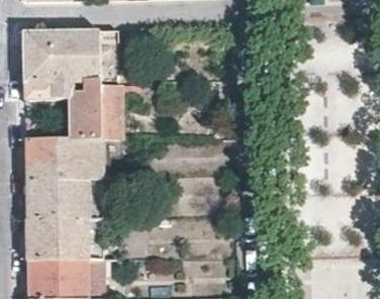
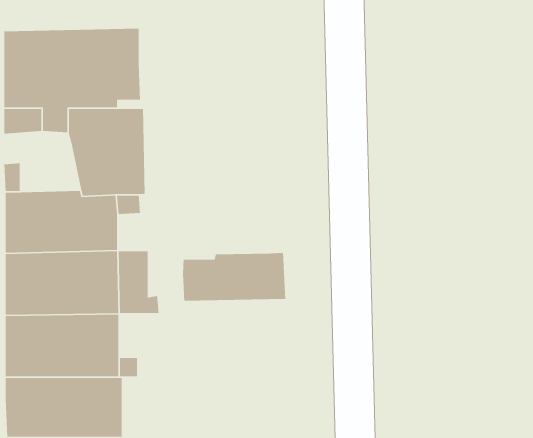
building: none -> [182,252,286,301]

